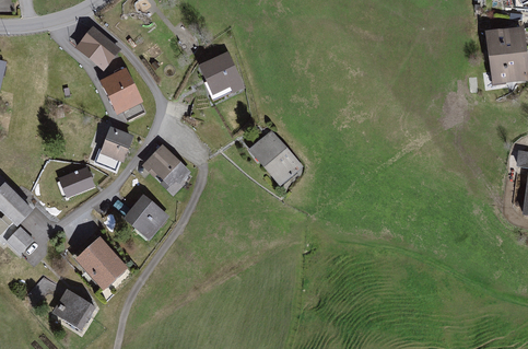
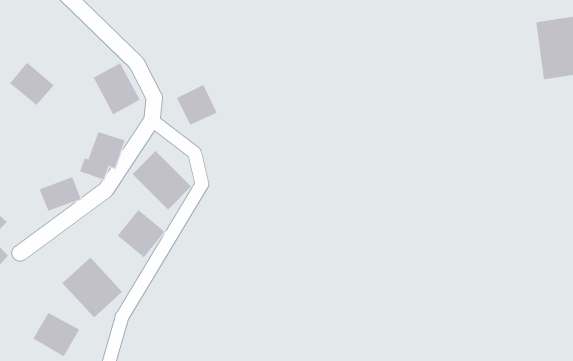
building: [77,26,116,65] -> [9,62,54,106]
building: [200,51,236,88] -> [176,84,217,125]
building: [251,131,302,184] -> none

